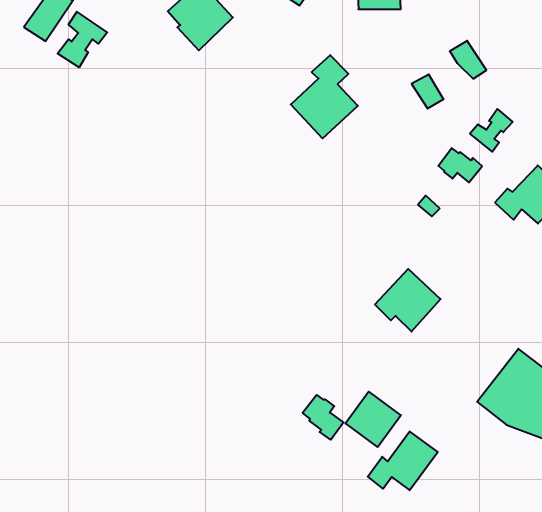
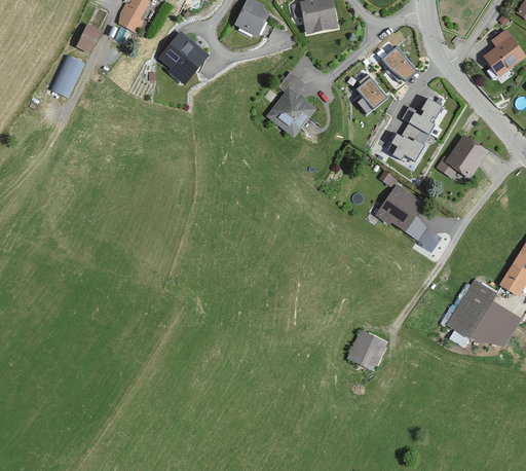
building: [58,12,107,67] -> none
building: [375,269,441,332] -> [376,184,426,232]
building: [303,395,344,440] -> none
building: [368,431,438,490] -> none

